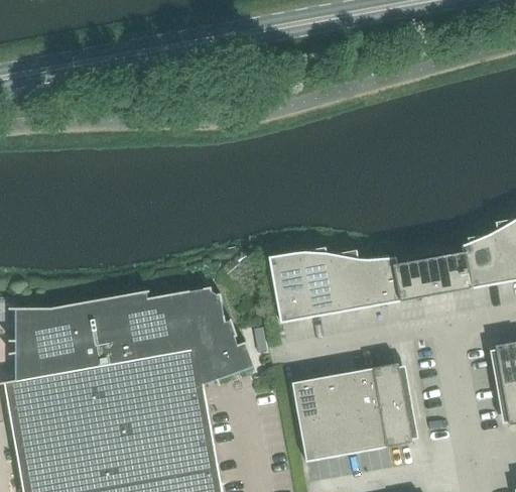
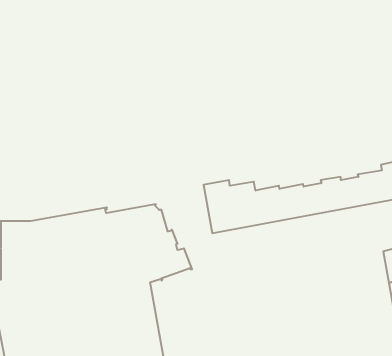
building: [292,363,413,461] -> none

